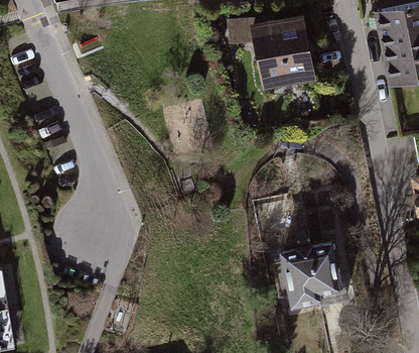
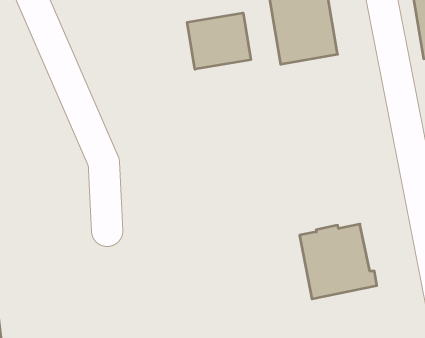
building: none -> [187,13,251,69]

